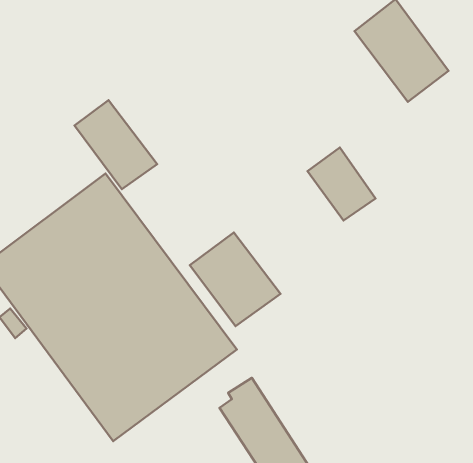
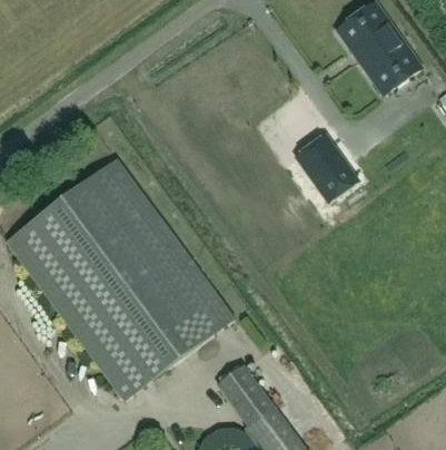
building: [74,100,157,189] -> none
building: [190,232,281,326] -> none

